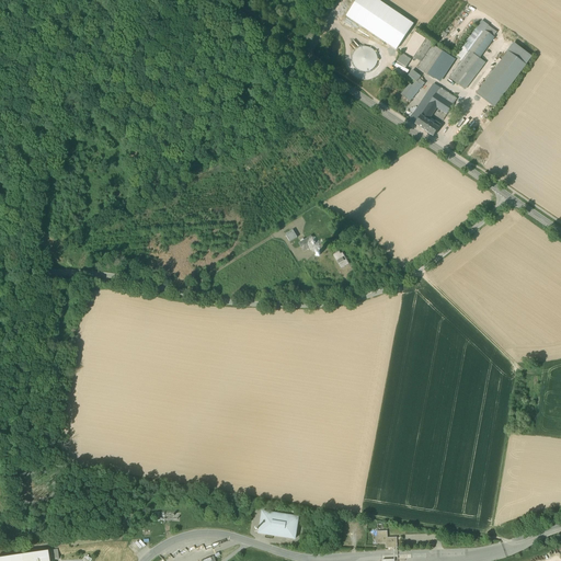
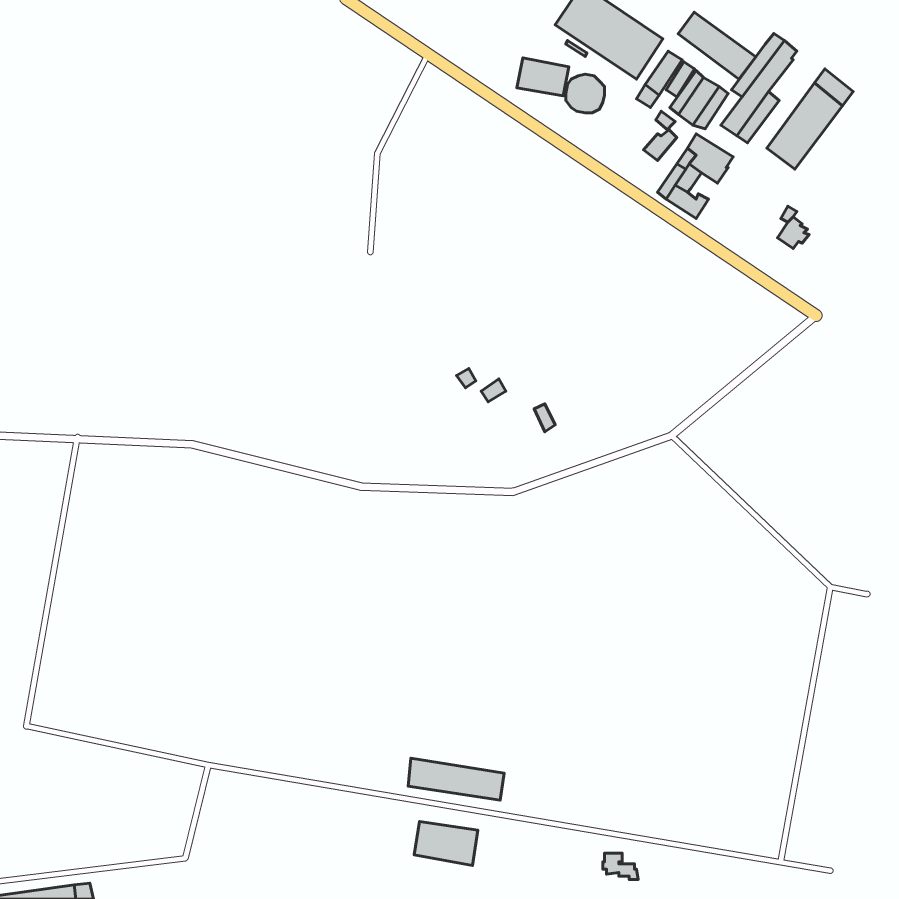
building: none -> [678,12,756,79]
building: none -> [517,58,569,96]
building: none -> [408,758,504,800]

